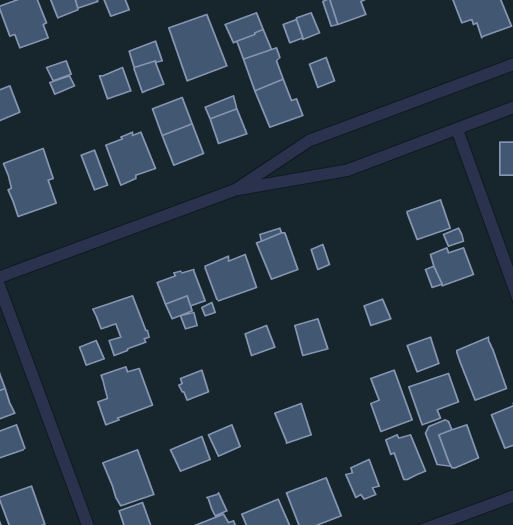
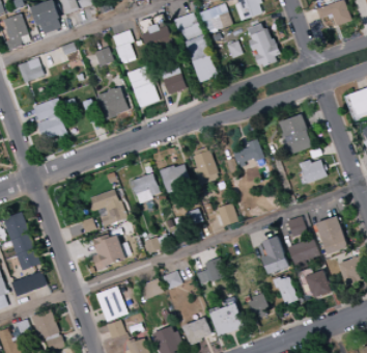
building: none -> [247,23,279,66]
building: none -> [280,113,308,137]
building: none -> [234,137,265,167]

